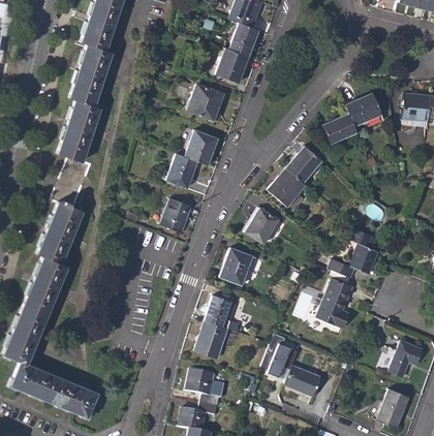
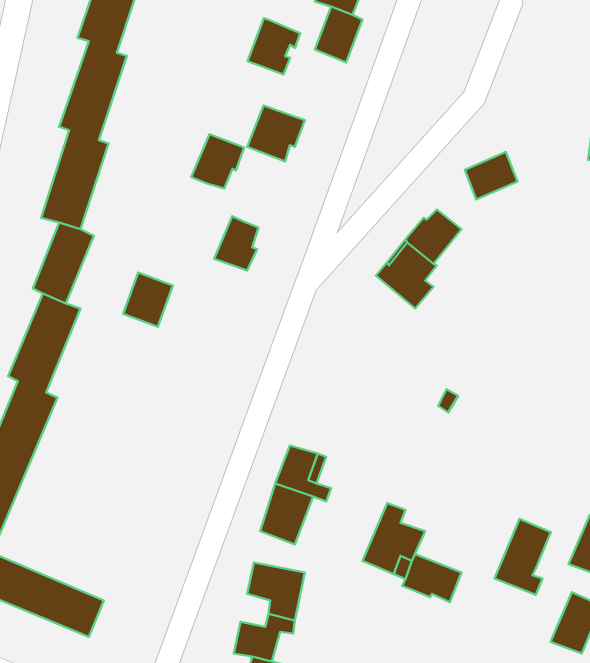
building: [216,48,249,83] -> [247,18,300,74]
building: [345,92,381,126] -> none
building: [184,129,217,163] -> [191,134,244,189]
building: [161,198,192,232] -> [123,272,173,327]
building: [245,208,279,244] -> none
building: [328,229,378,277] -> none
building: [224,248,252,284] -> none
building: [317,279,352,326] -> [495,519,551,595]

